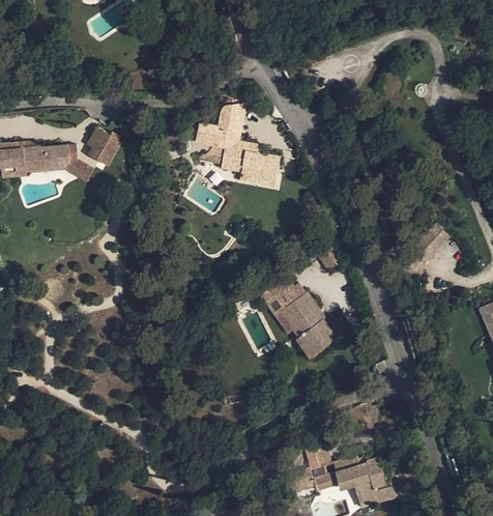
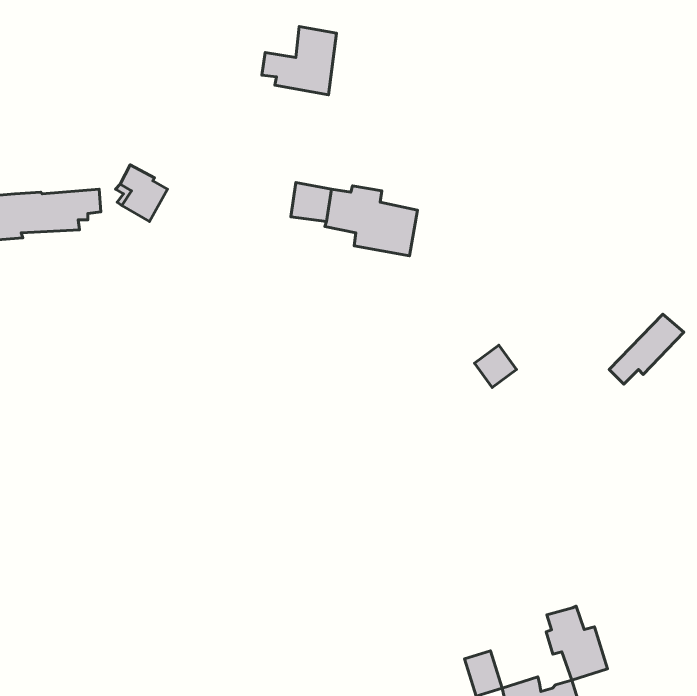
building: [196,98,243,142] -> [262,27,336,95]
building: [63,159,94,181] -> none
building: [272,282,337,357] -> none
building: none -> [546,606,607,680]

